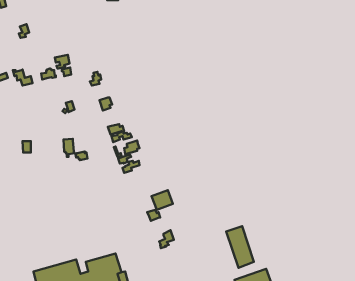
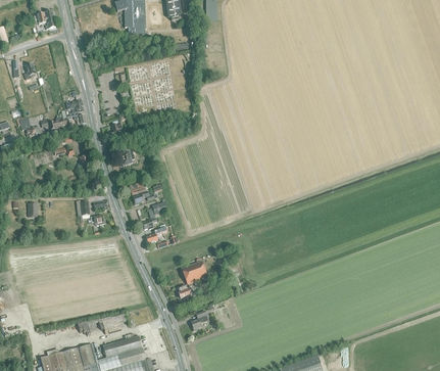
building: [226,226,254,268] -> none

